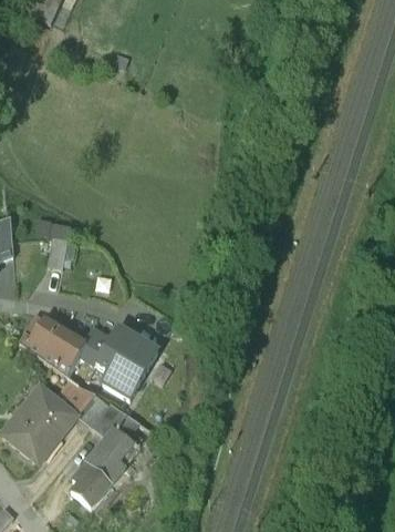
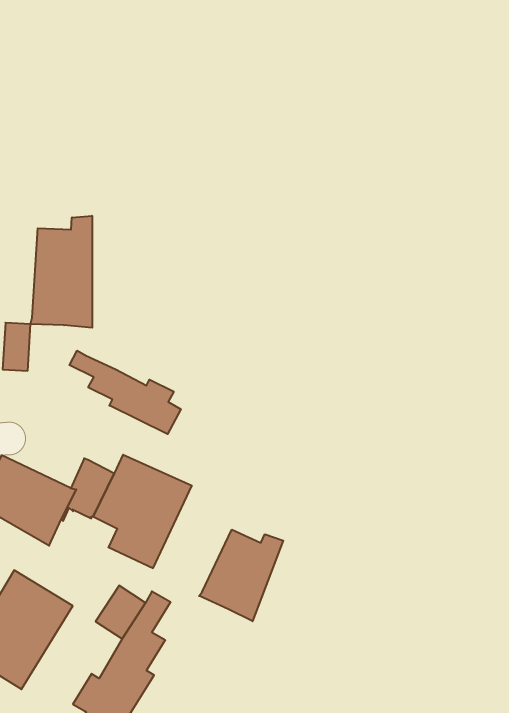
building: none -> [31,216,92,328]
building: none -> [69,351,181,434]
building: none -> [199,530,283,621]

